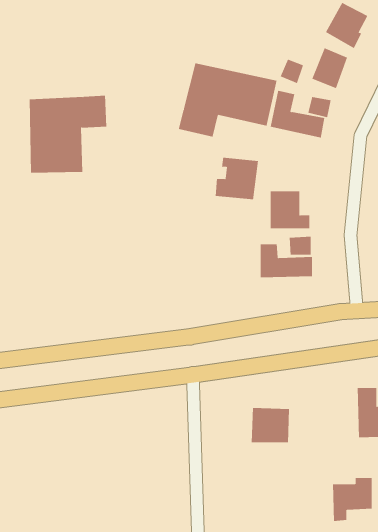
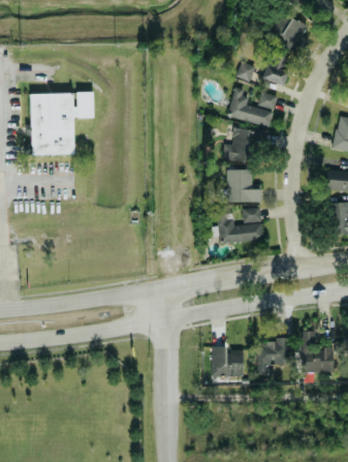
building: [178,63,277,138] -> none
building: [215,157,259,200] -> [224,127,260,162]
building: [332,477,372,522] -> [256,338,289,374]

